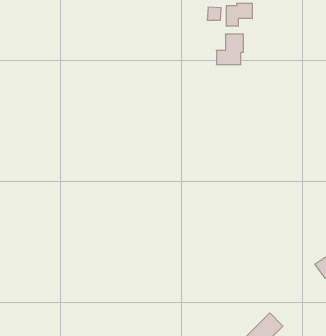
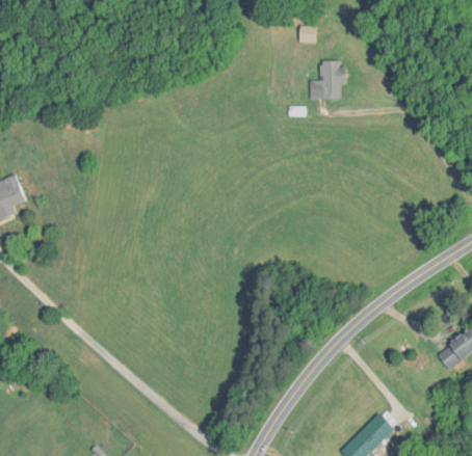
building: [226,3,252,26] -> none

